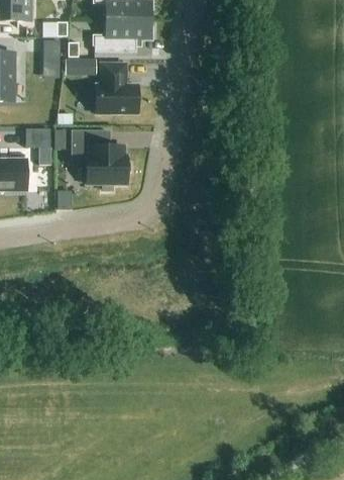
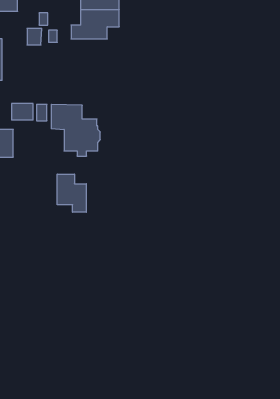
building: [66,59,97,75] -> none
building: [98,63,141,112] -> none
building: none -> [57,174,86,212]

